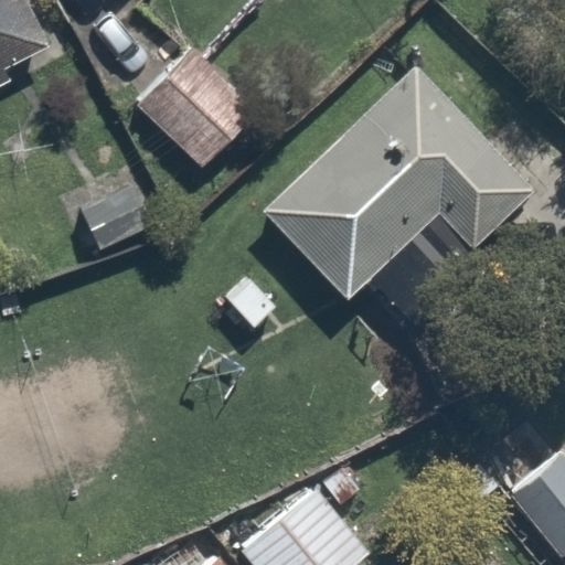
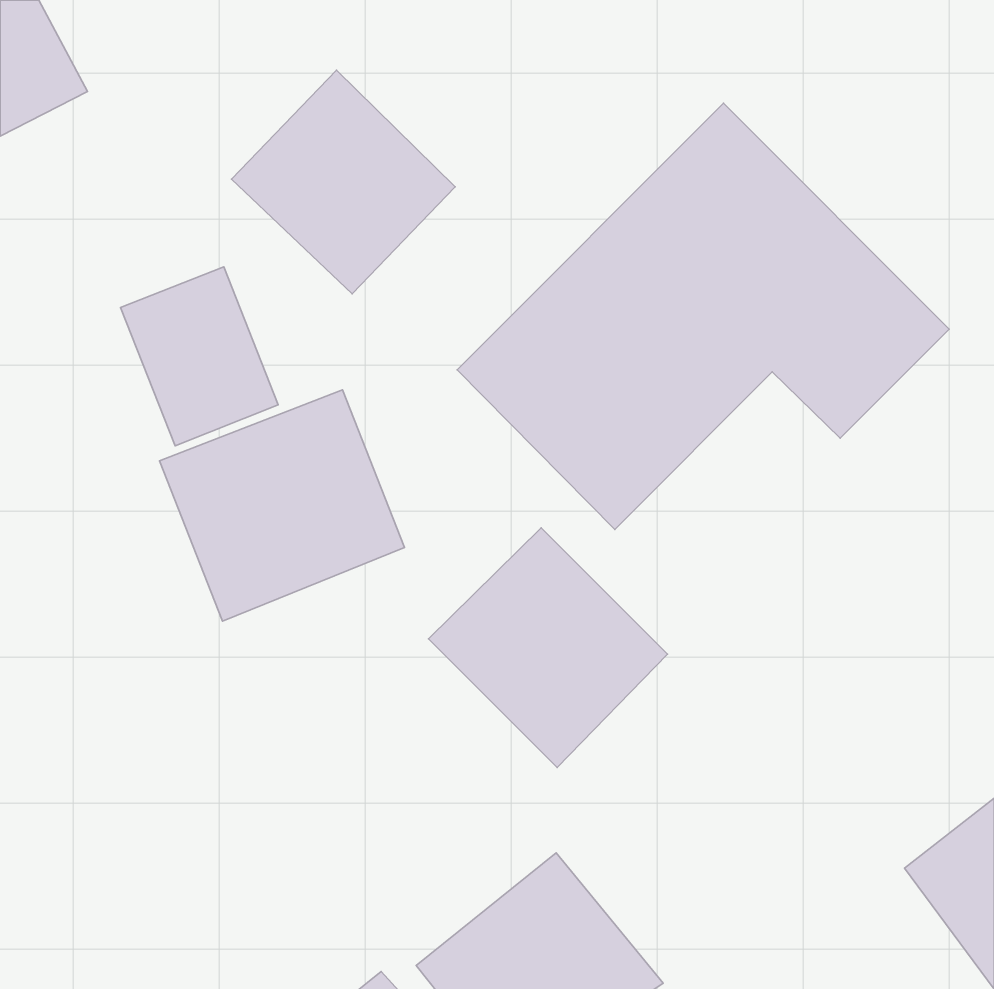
building: none -> [159,390,405,621]
building: none -> [429,528,668,768]

